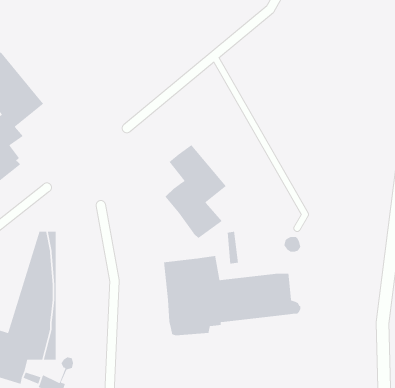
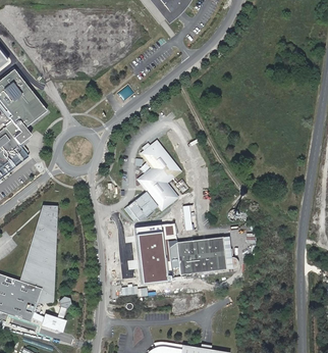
building: none -> [125,192,159,221]

